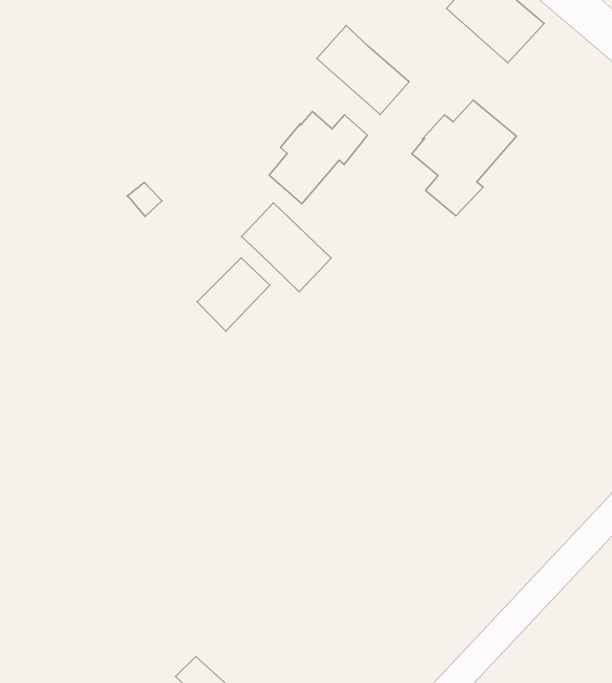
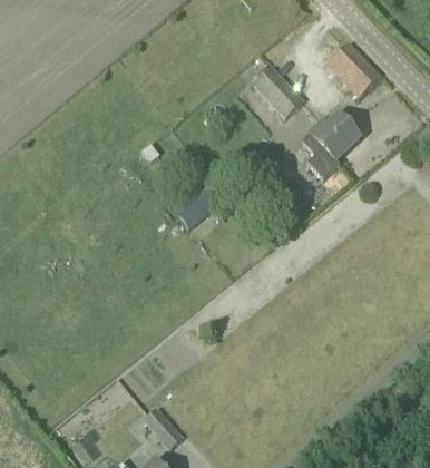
building: [269,112,367,204] -> none
building: [241,203,331,292] -> none

